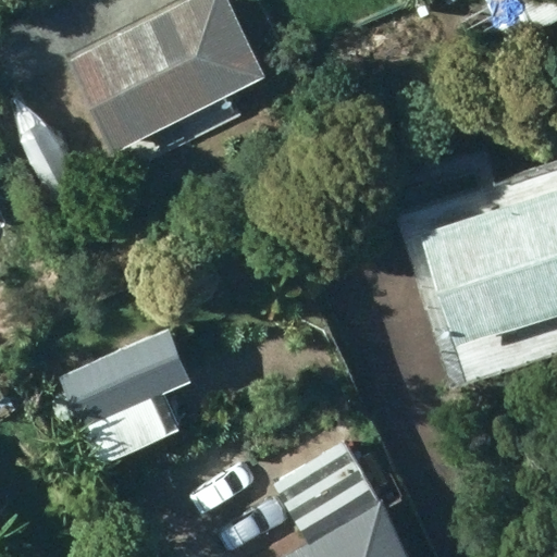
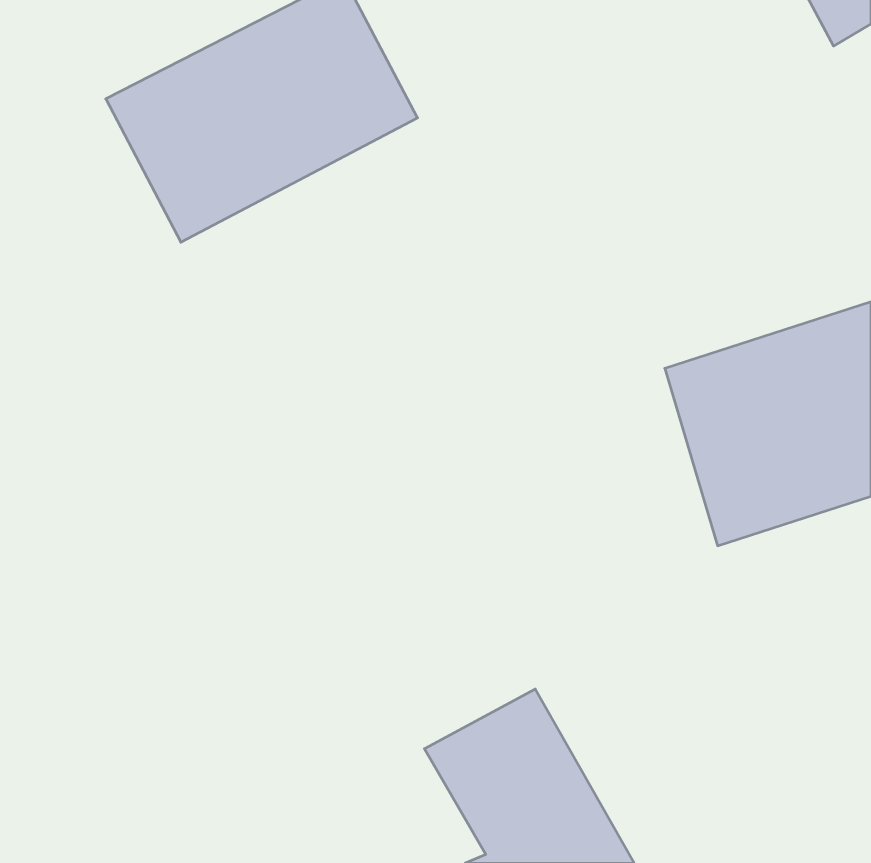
building: [61,324,193,467] -> none

